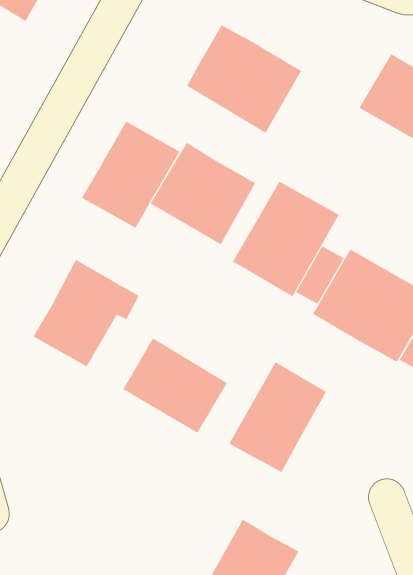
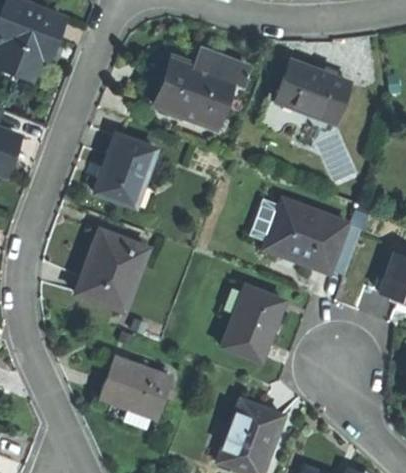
building: none -> [194,51,250,89]
building: [150,142,256,245] -> none
building: [232,181,339,297] -> none
building: [122,337,228,433] -> [99,359,171,420]

